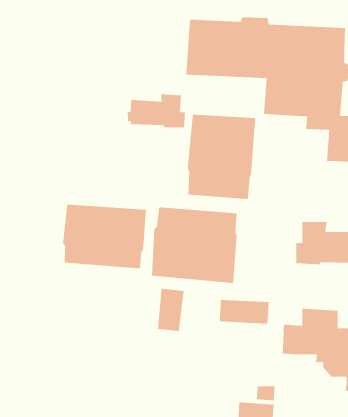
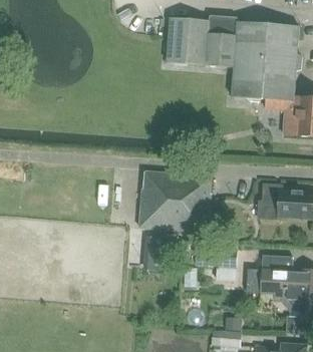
building: [127,93,186,128] -> none
building: [187,114,256,200] -> none
building: [63,204,147,269] -> none

